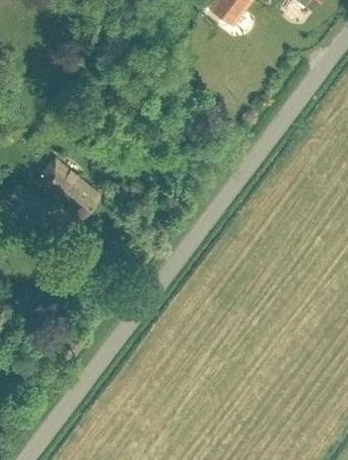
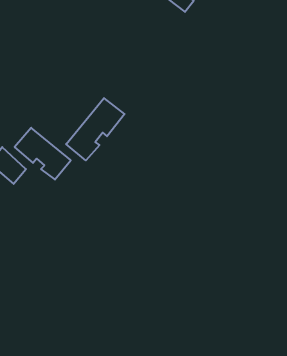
building: none -> [66,98,125,160]

